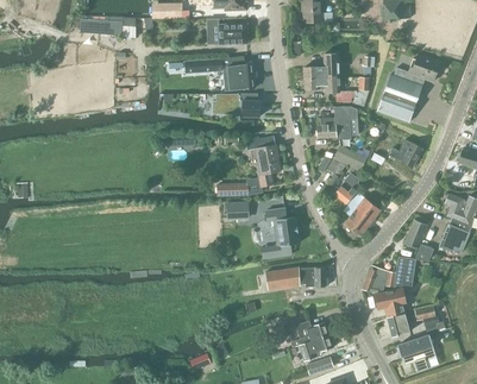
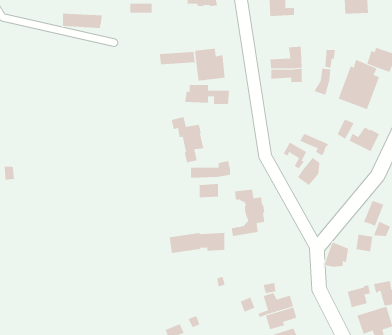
building: [219,18,249,43] -> none
building: [318,106,357,138] -> none
building: [245,136,281,185] -> [171,117,204,163]
building: [344,191,381,235] -> none
building: [265,266,326,289] -> [169,233,225,254]
building: [375,288,407,315] -> none

